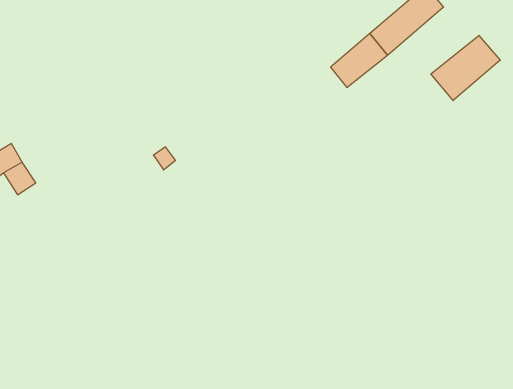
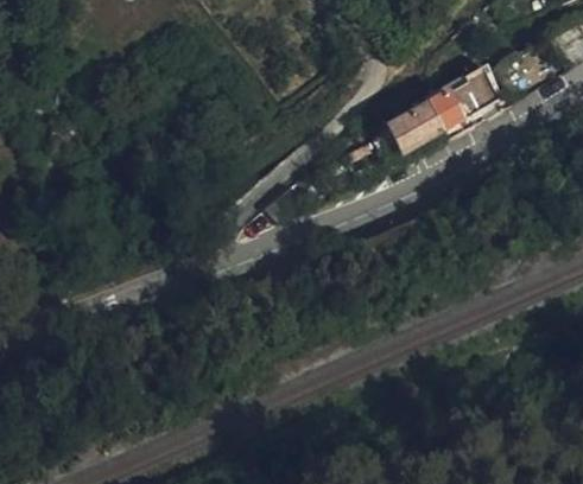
building: [431,35,500,101] -> none

